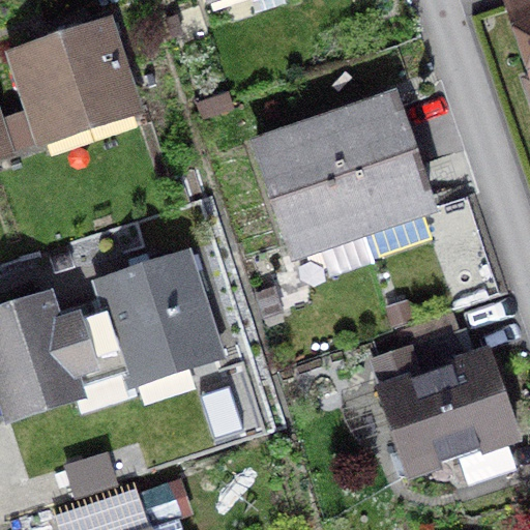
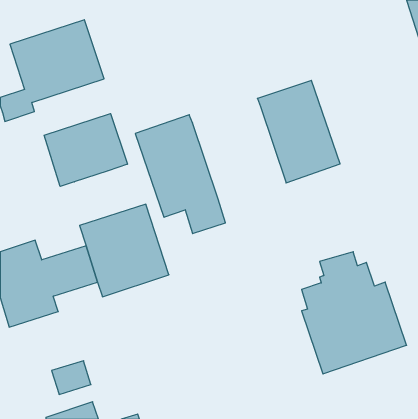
building: [258,124,372,274] -> [135,115,225,234]
building: none -> [44,114,127,186]

